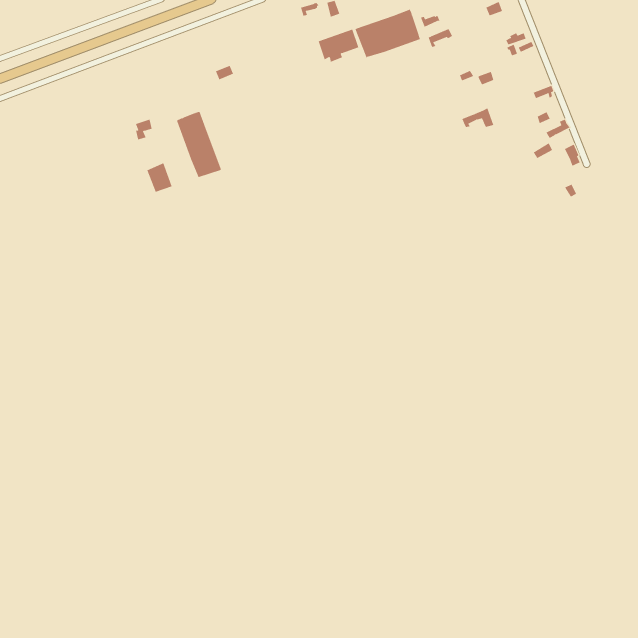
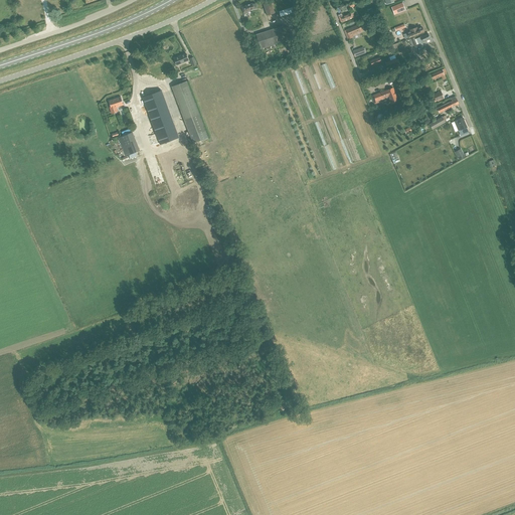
building: [355,9,421,59] -> none
building: none -> [171,80,207,142]

